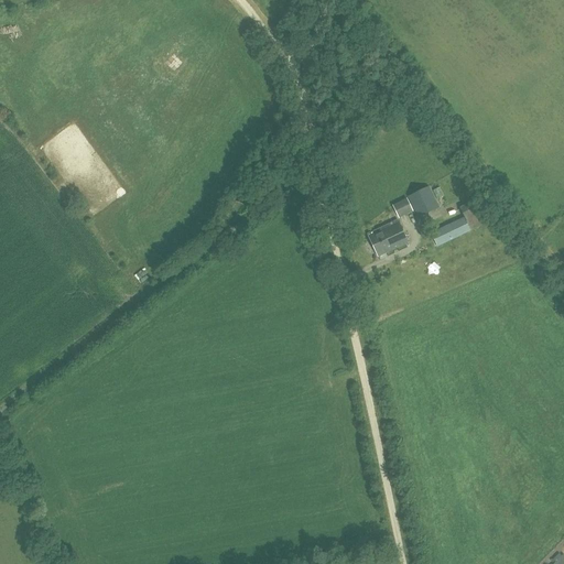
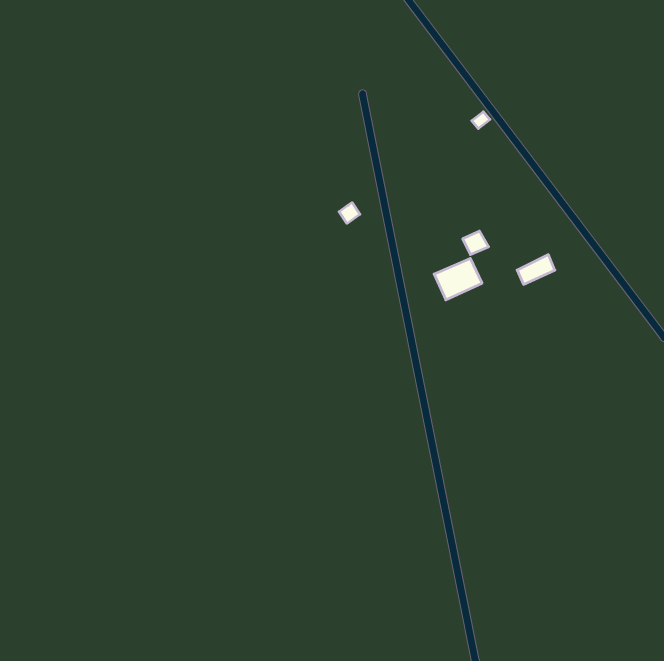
building: [409,184,440,216] -> none

